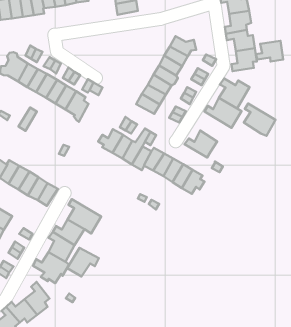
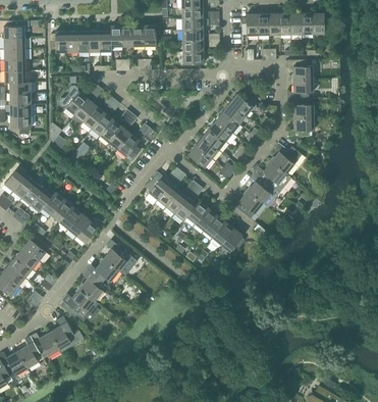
building: [256,41,283,61] -> none
building: [244,103,275,136] -> [247,172,278,207]
building: [67,248,99,276] -> none

